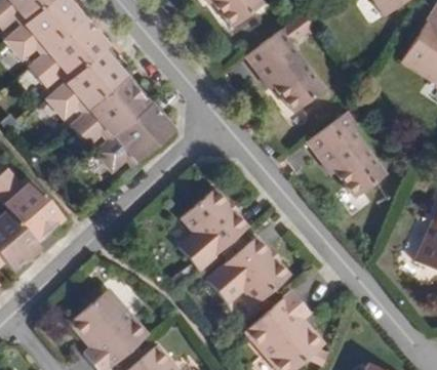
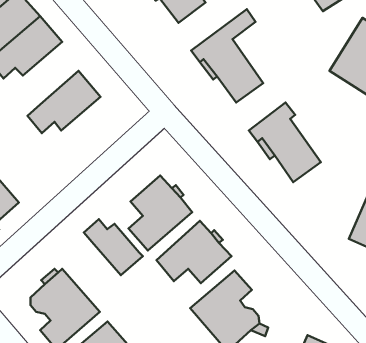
building: [48,51,126,118] -> none
building: [95,105,175,171] -> none
building: none -> [84,219,143,275]

